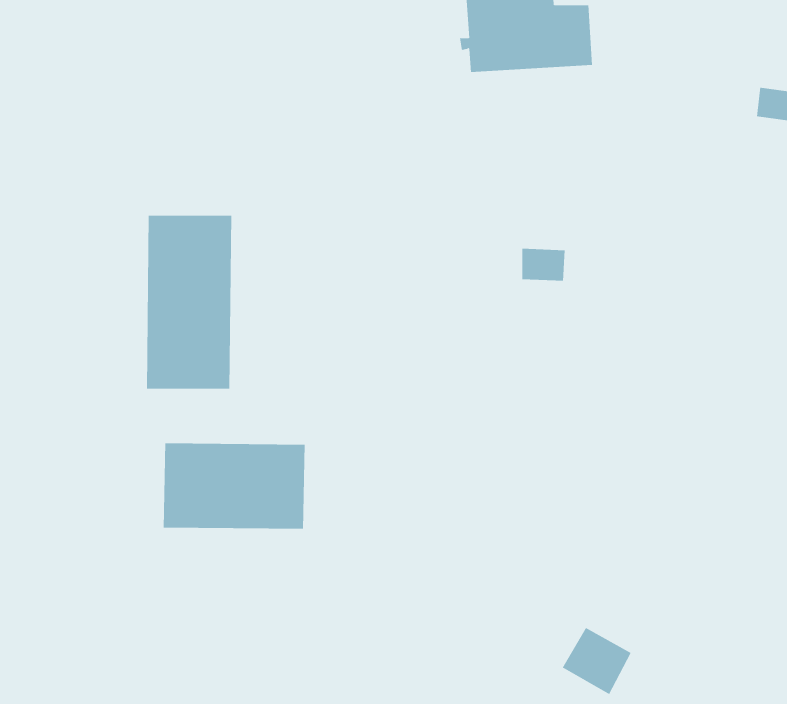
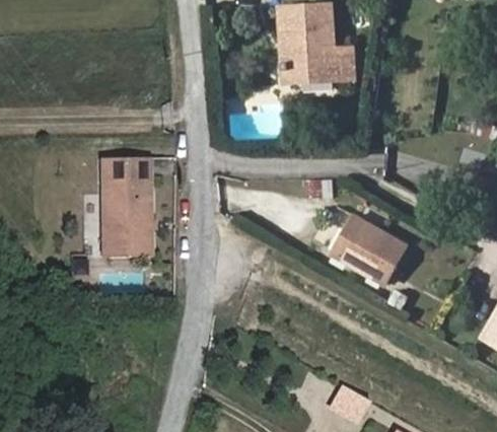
building: none -> [336,218,409,284]
building: [163,443,305,529] -> none

